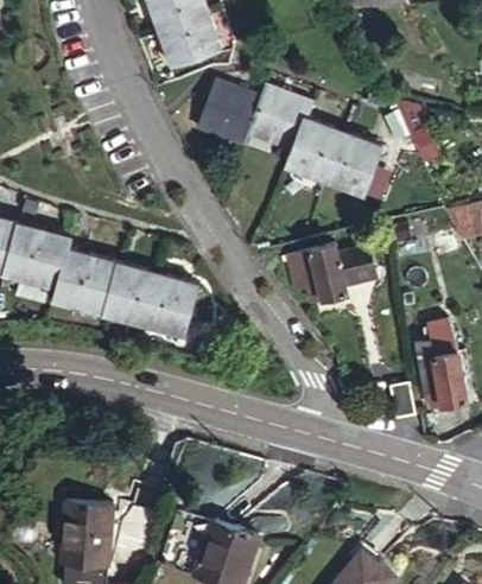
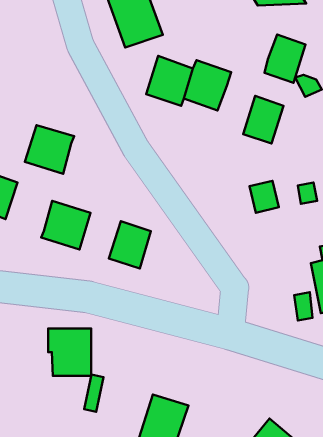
building: [291,116,344,179] -> [264,35,305,83]
building: [285,241,349,304] -> none
building: [20,242,84,305] -> [25,125,74,174]
building: [116,281,170,341] -> none
building: [55,502,110,564] -> [48,328,91,376]

